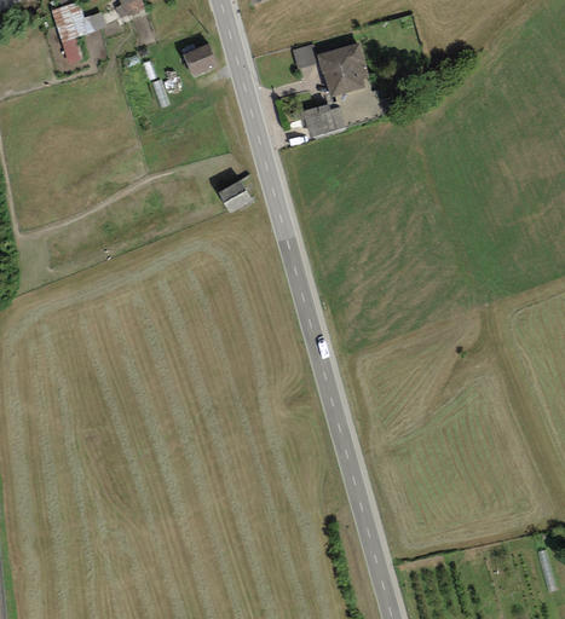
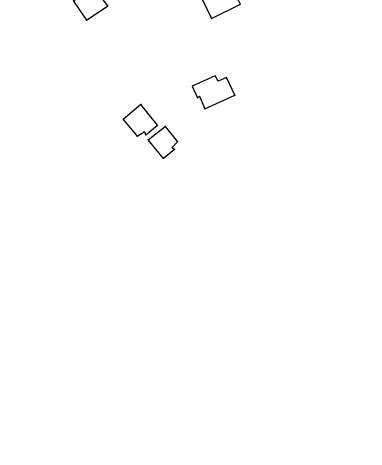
building: [301,103,346,137] -> [192,76,235,109]
building: none -> [148,126,178,158]

